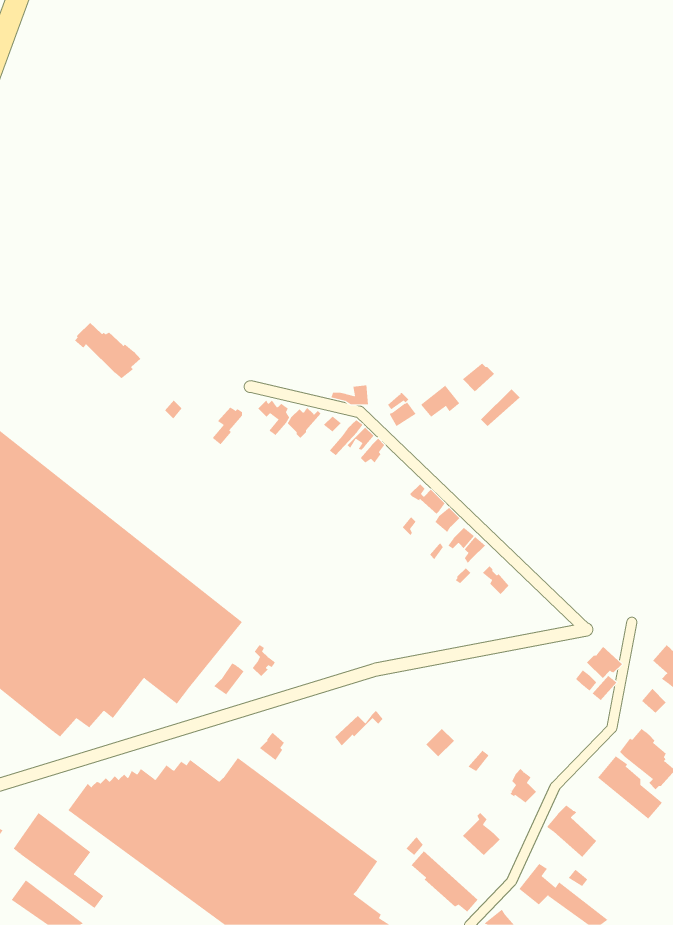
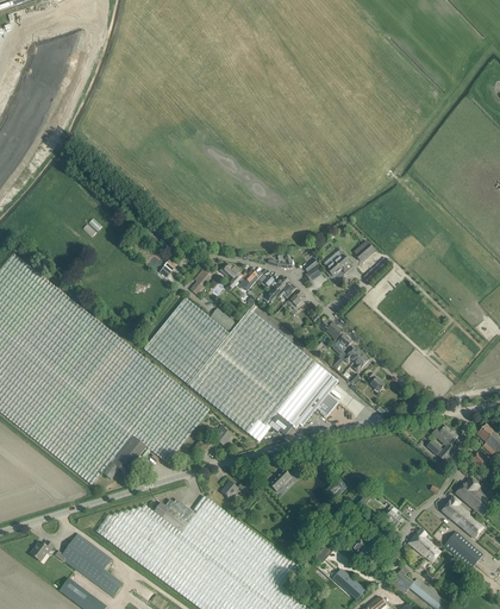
building: [74,322,141,379] -> none
building: none -> [143,297,339,442]
building: none -> [444,530,483,569]

